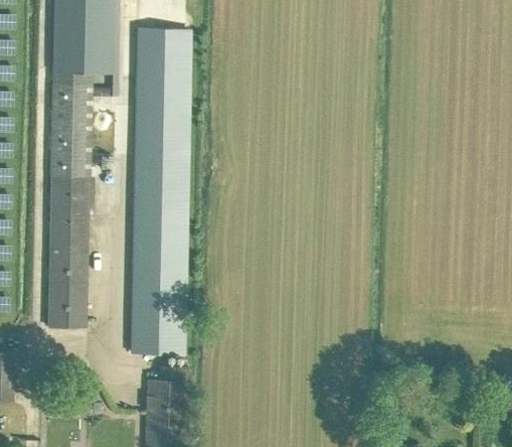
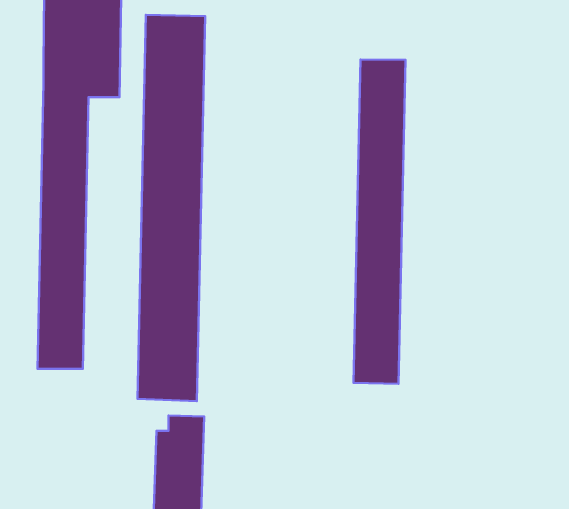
building: none -> [354,60,405,384]

